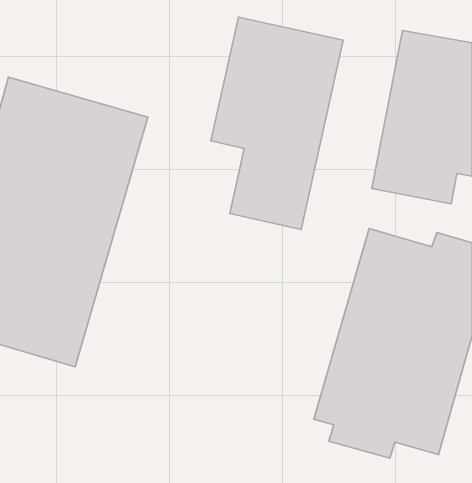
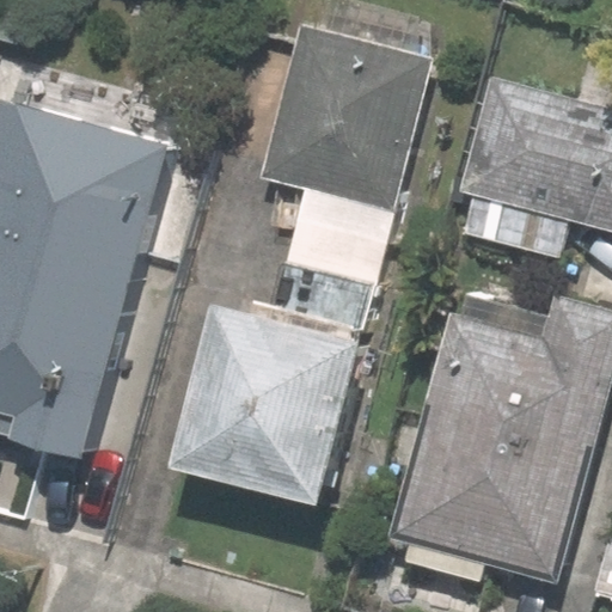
building: none -> [191,300,384,504]

